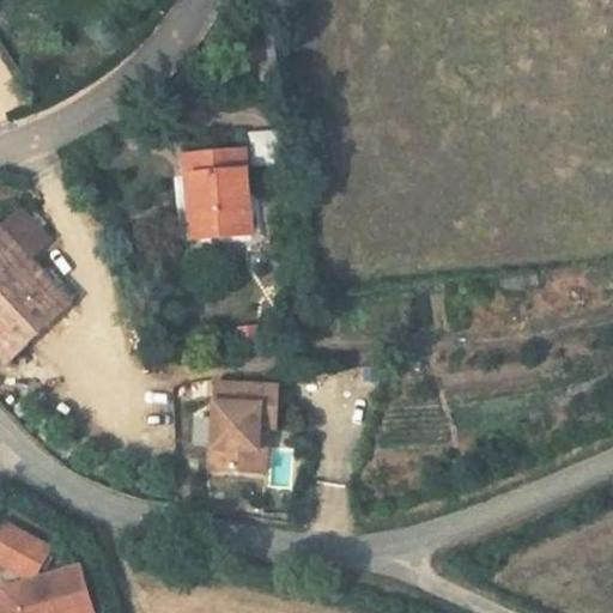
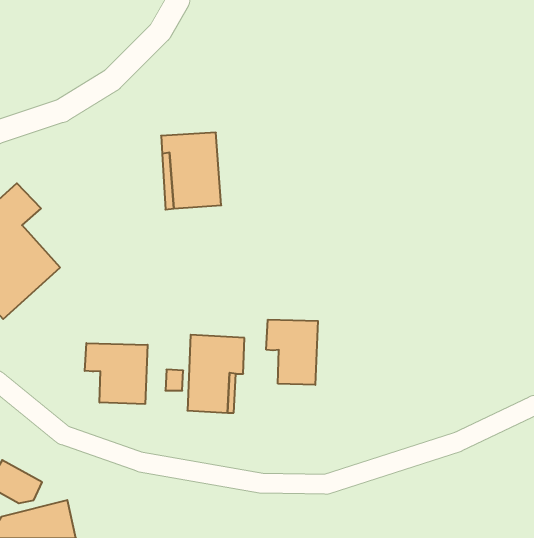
building: none -> [266,320,318,385]
building: none -> [85,343,148,404]

